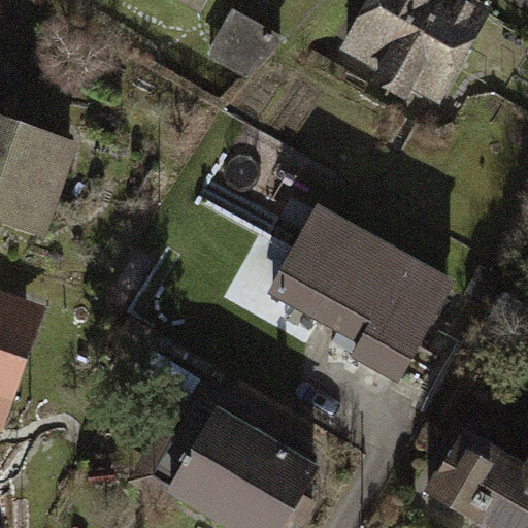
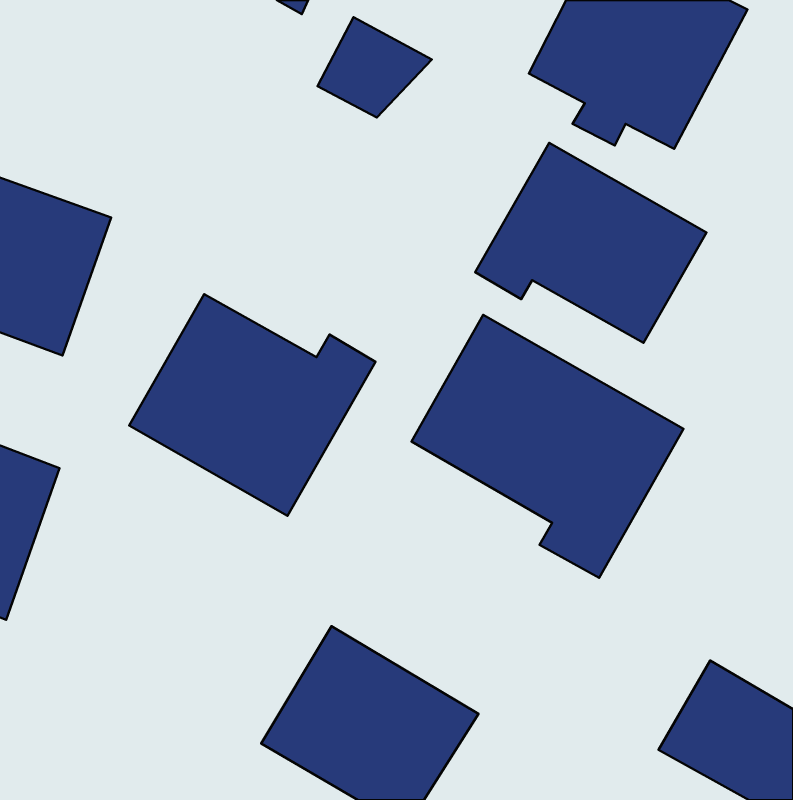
building: none -> [475,143,706,343]
building: none -> [129,294,376,516]

